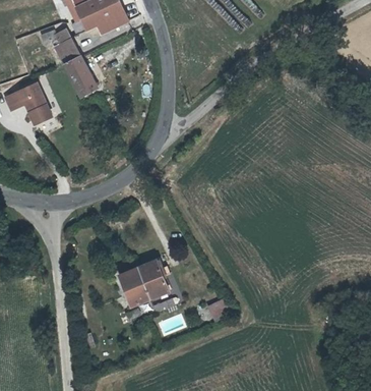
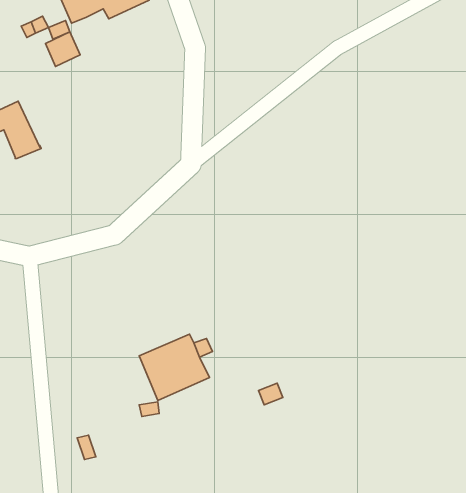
building: [62,57,95,101] -> none

